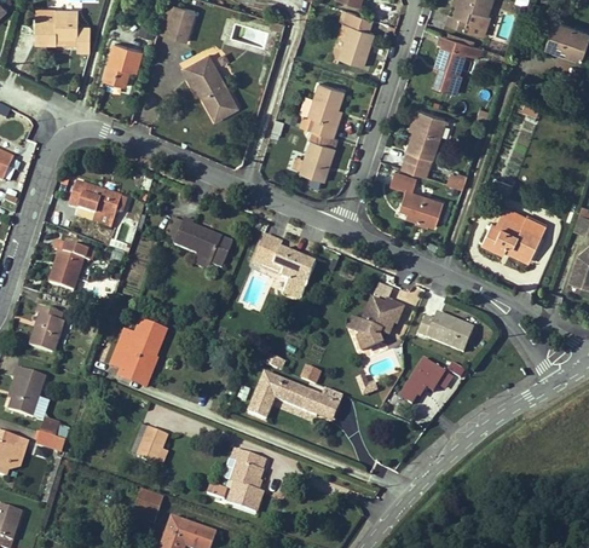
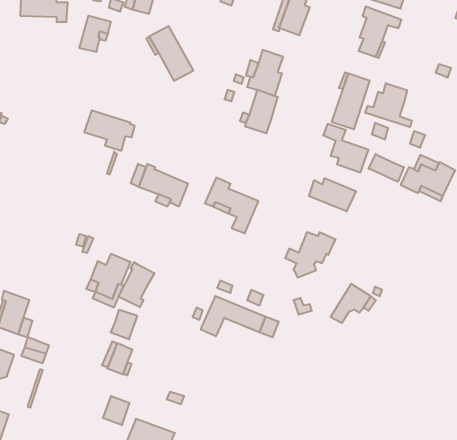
building: none -> [365,83,412,127]
building: [68,181,127,229] -> [84,110,135,151]
building: none -> [369,154,404,182]
building: [50,241,93,290] -> none
building: [29,306,64,353] -> none
building: [418,313,474,352] -> [309,178,356,211]
building: none -> [119,262,155,307]
building: none -> [111,310,137,340]
building: [223,449,265,513] -> none

